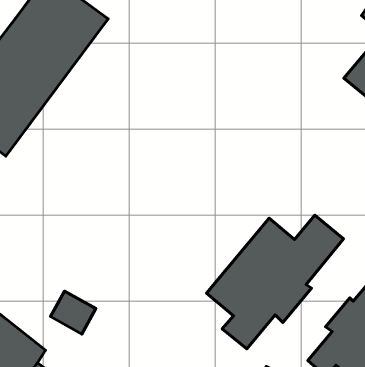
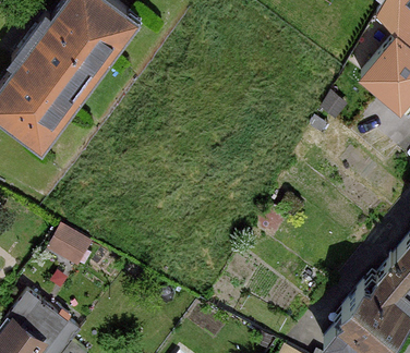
building: [207,215,344,349] -> none
building: [50,291,96,334] -> [48,228,91,268]

